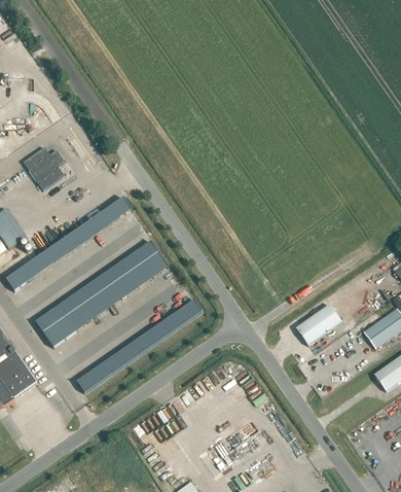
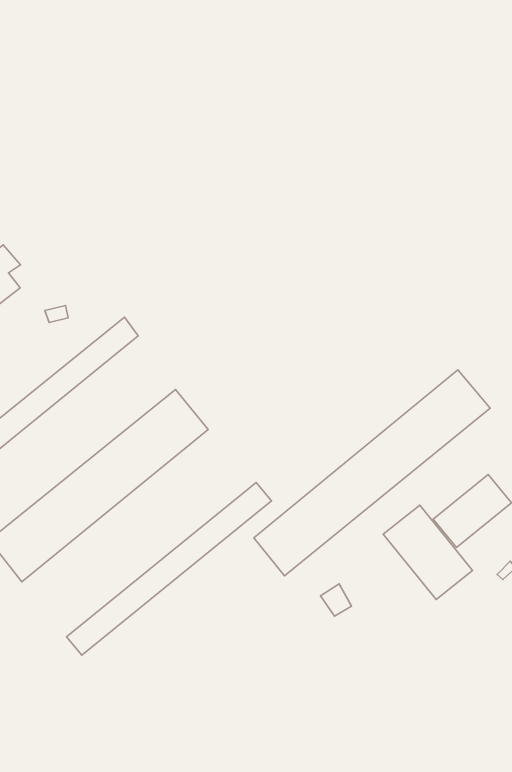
building: none -> [254,370,490,576]
building: none -> [383,505,473,600]

